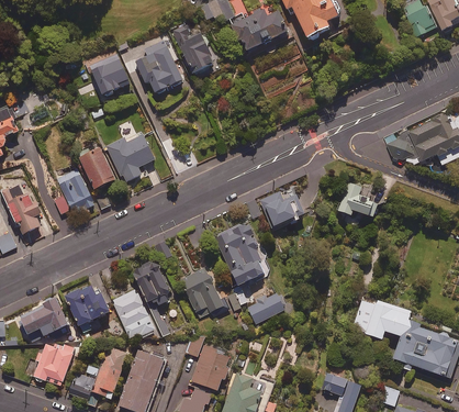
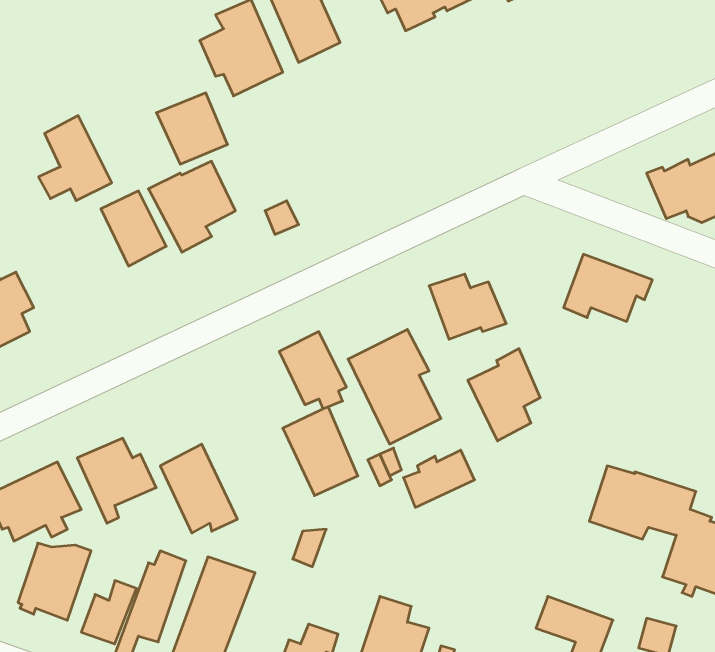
building: [88,56,127,96] -> [156,93,228,164]
building: [54,167,94,214] -> [39,116,112,201]
building: none -> [468,349,540,441]
building: [134,261,171,304] -> [279,332,346,409]
building: [191,344,232,389] -> none

